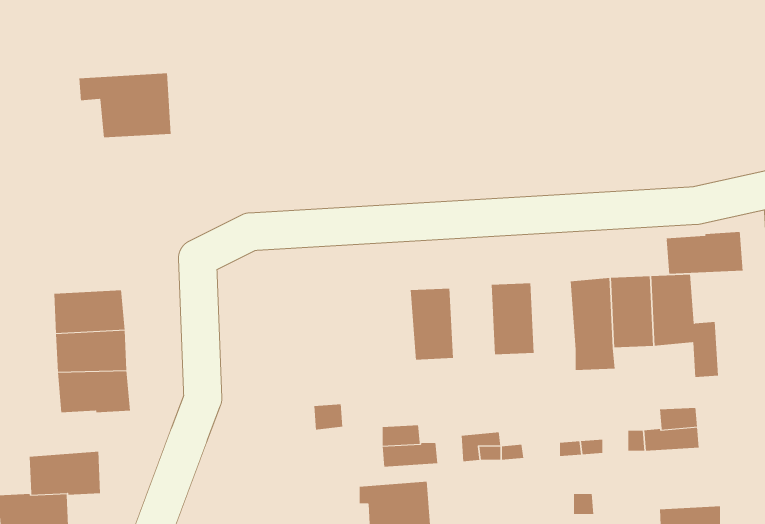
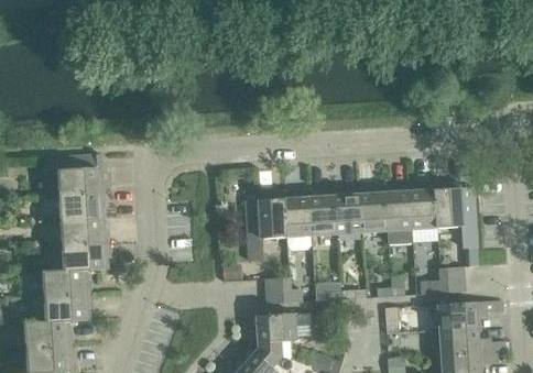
building: [78,73,171,138] -> [44,156,102,197]
building: [666,231,743,275] -> none
building: none -> [359,189,387,234]
building: none -> [308,191,336,238]
building: none -> [244,195,286,263]
building: none -> [42,271,88,299]
building: none -> [437,303,493,332]

